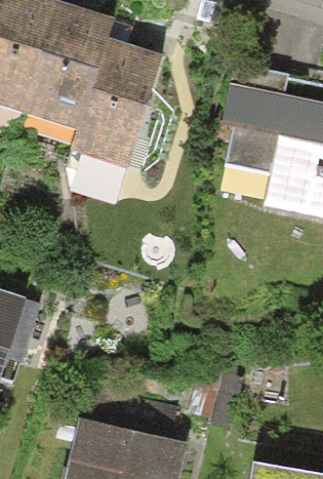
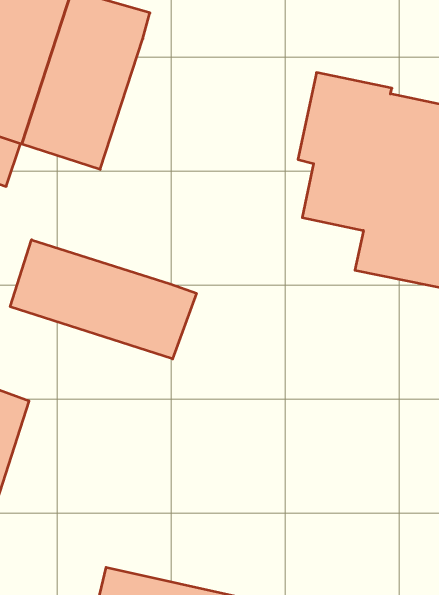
building: [72,38,163,167] -> none
building: none -> [10,240,196,359]

